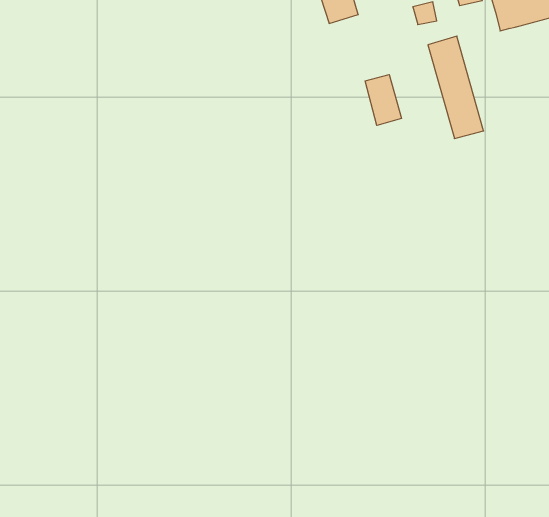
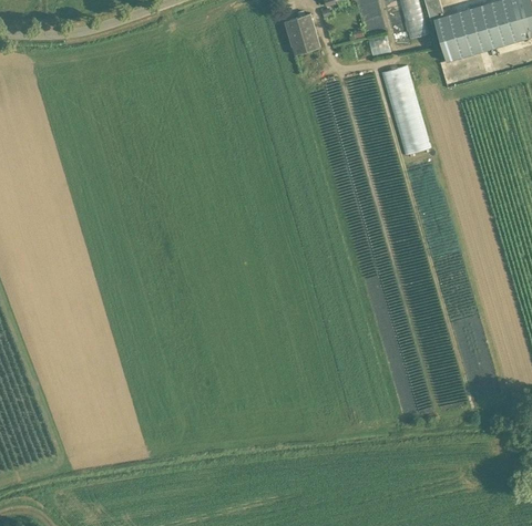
building: [365,75,402,125] -> none

